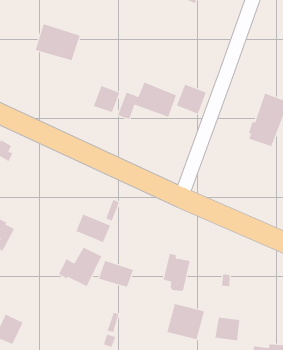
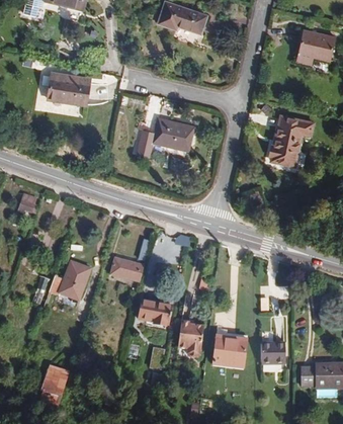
building: [176,84,207,114] -> none
building: [93,85,120,113] -> none
building: [58,247,102,287] -> [49,261,90,301]
building: [163,253,190,291] -> [178,320,203,356]

